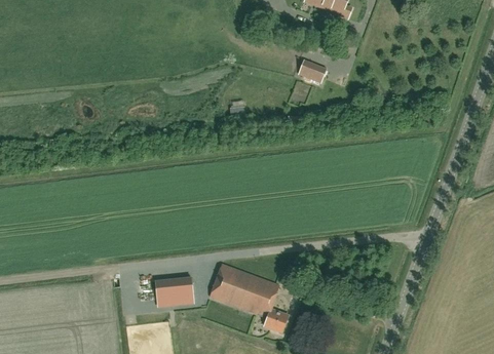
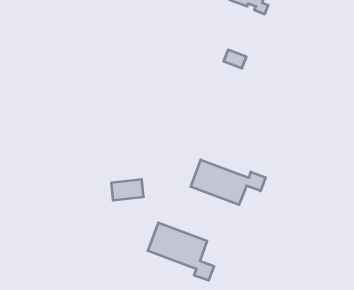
building: none -> [191,160,265,205]
building: [155,277,193,302] -> [111,179,144,200]

